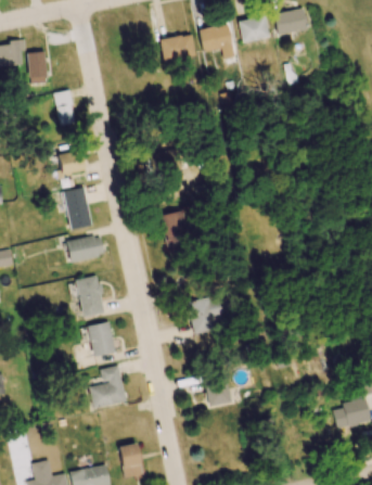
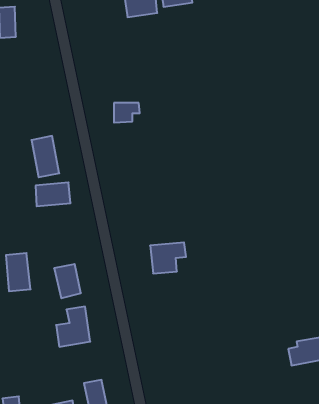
building: [55,90,74,125] -> none
building: [57,152,85,176] -> none
building: [161,208,190,248] -> none
building: [77,276,103,316] -> [6,253,31,291]
building: [205,380,230,406] -> none

